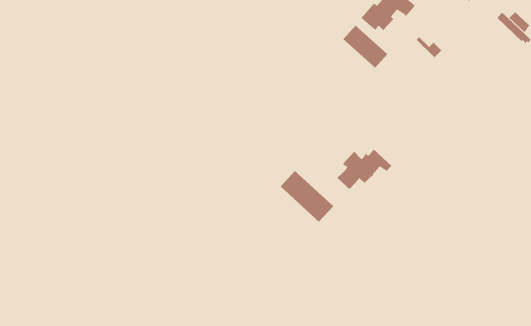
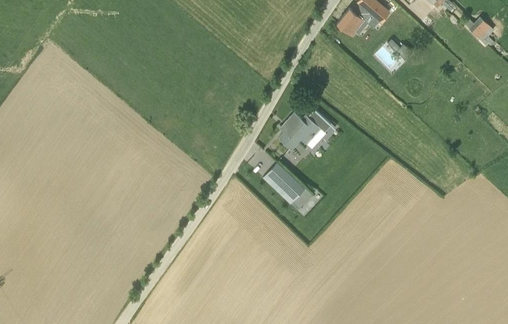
building: [343,25,388,69] -> none
building: [337,149,392,190] -> [279,110,330,148]

